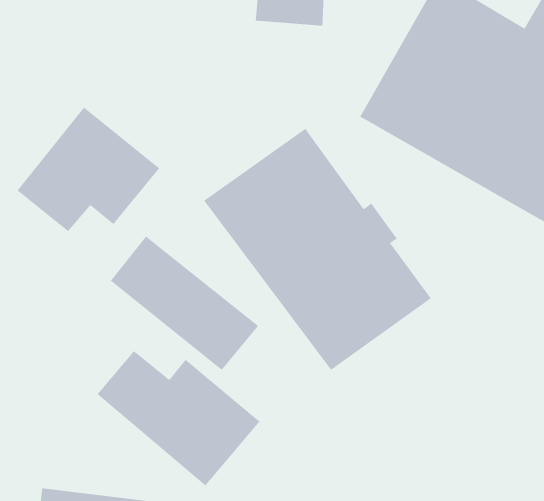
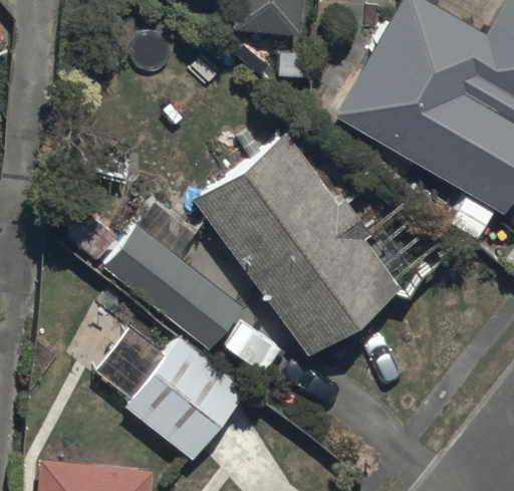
building: [16,107,160,232] -> none

